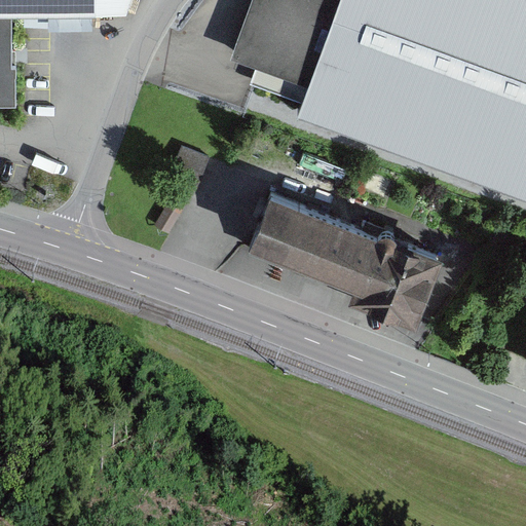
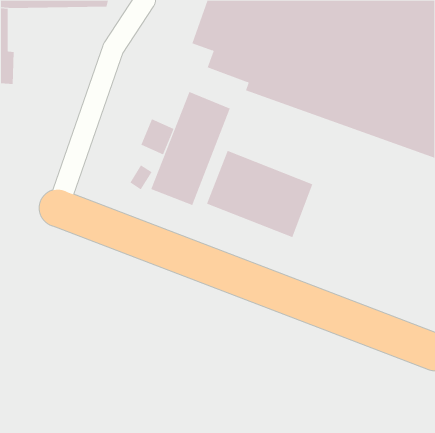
building: none -> [151,91,230,206]
building: [350,225,444,321] -> none

